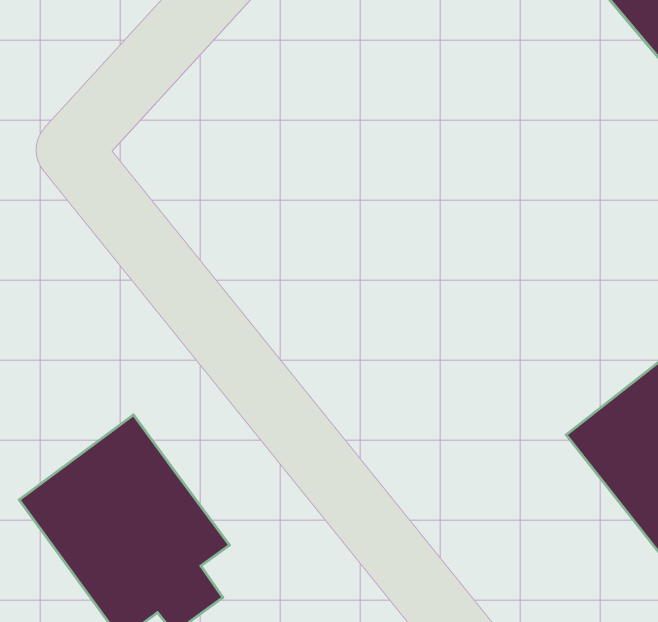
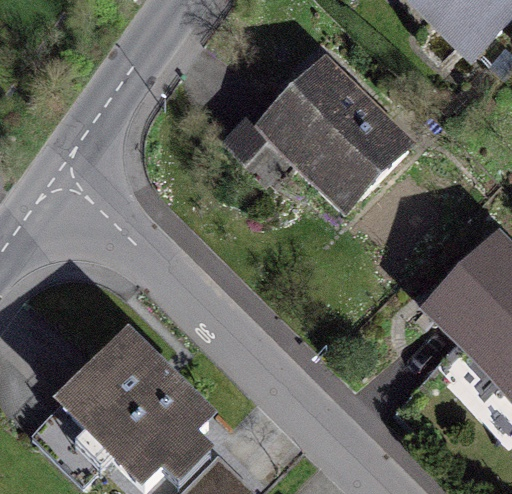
building: none -> [260,66,411,215]

